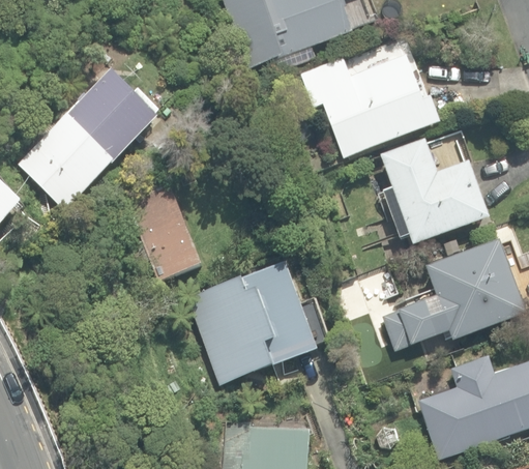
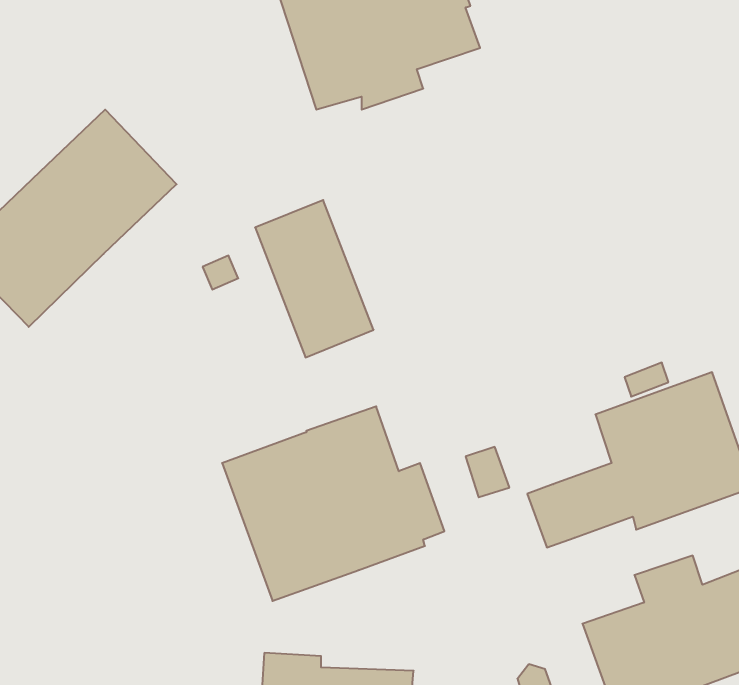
building: [299,55,440,157] -> none
building: [380,138,489,243] -> none
building: [126,180,202,281] -> [255,200,374,357]

